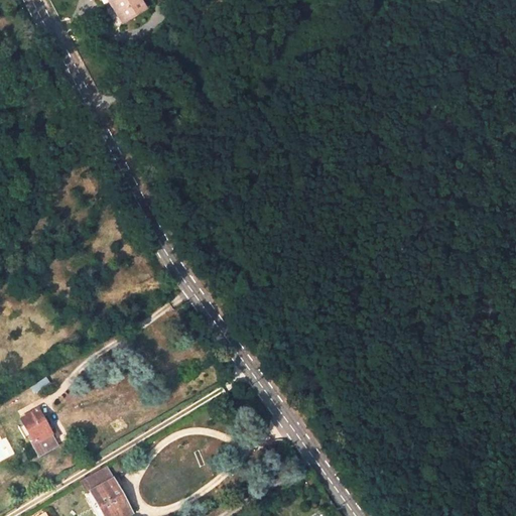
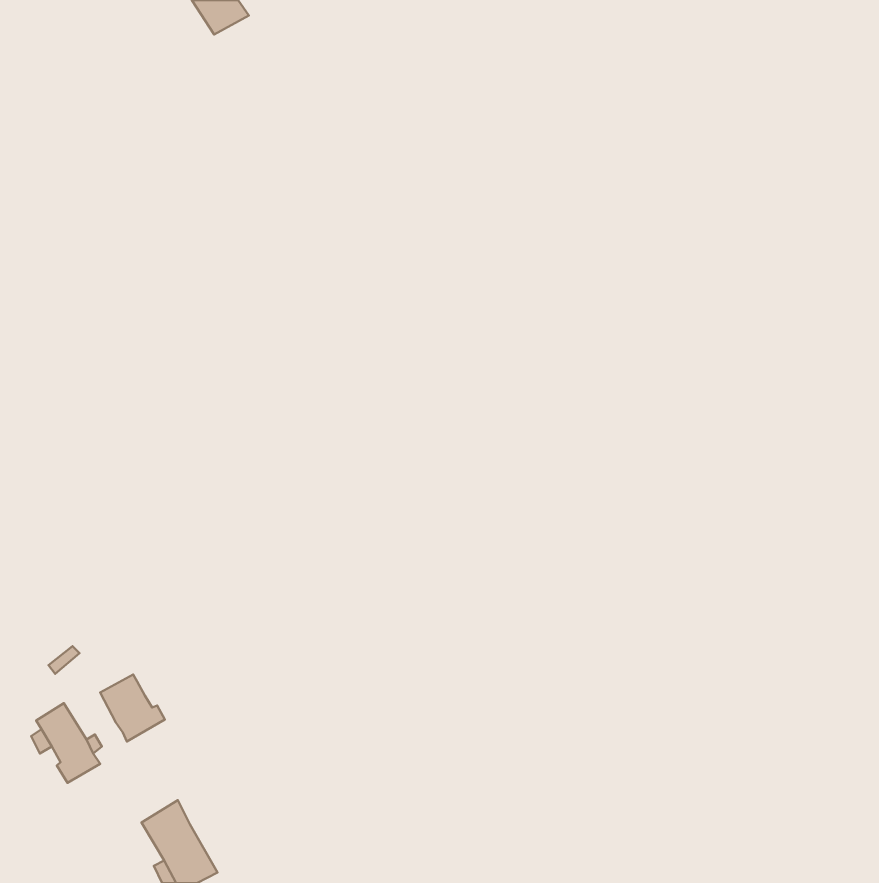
building: none -> [100,674,165,741]

